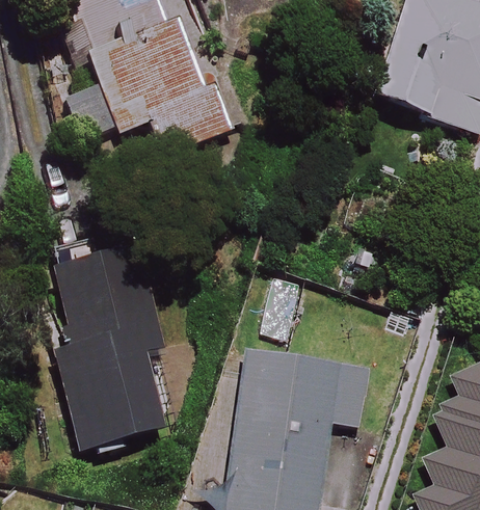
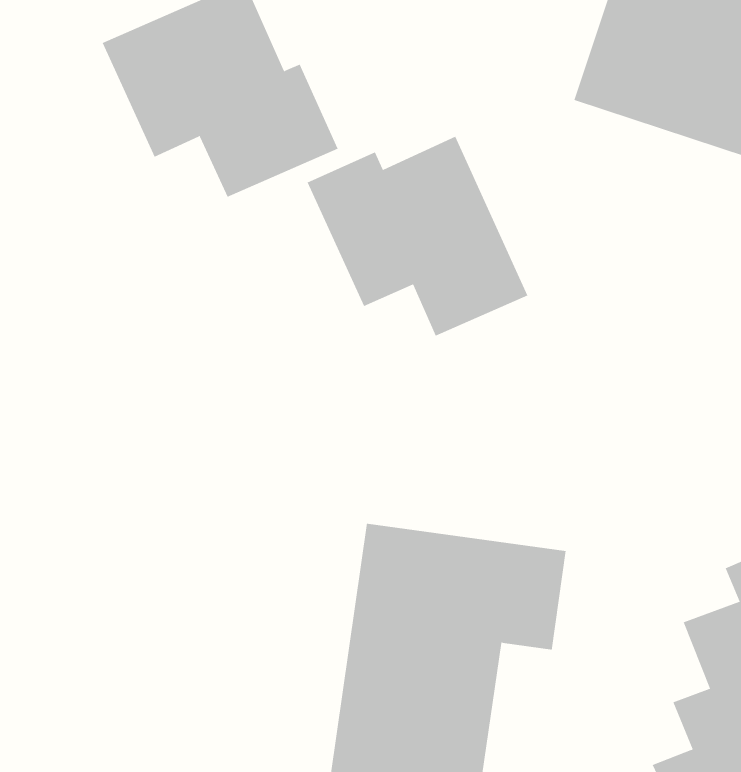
building: none -> [307,136,528,337]
building: [49,252,167,451] -> none

